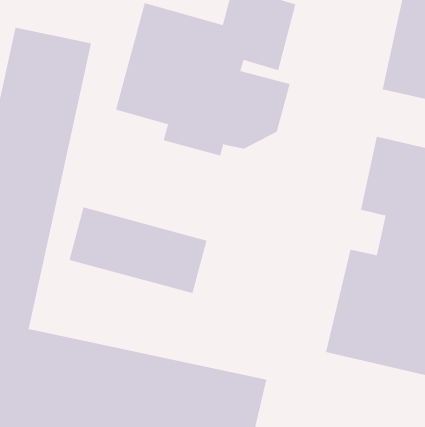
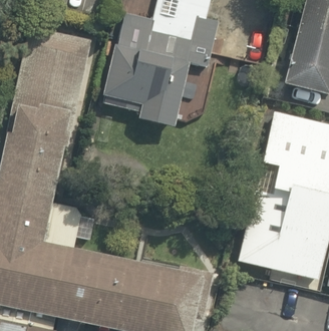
building: [69,207,207,294] -> none

